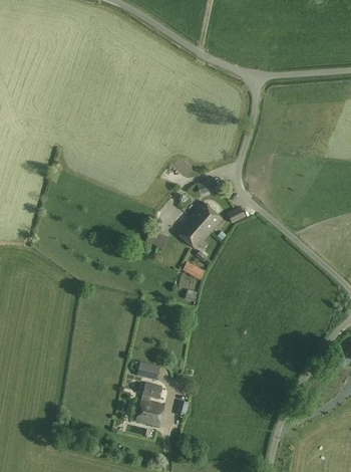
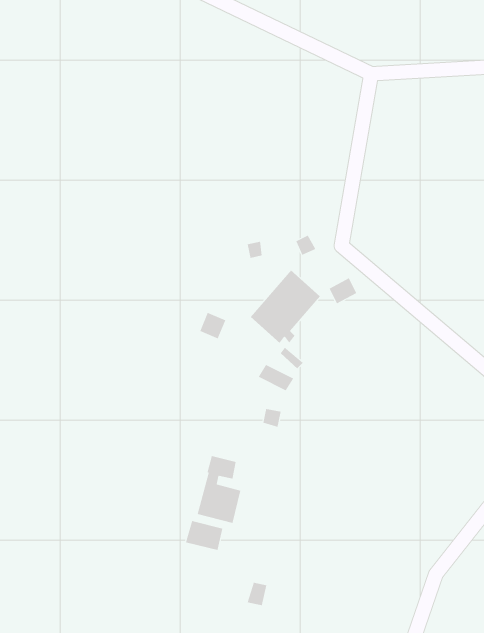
building: [136,383,164,426] -> [197,456,241,524]

